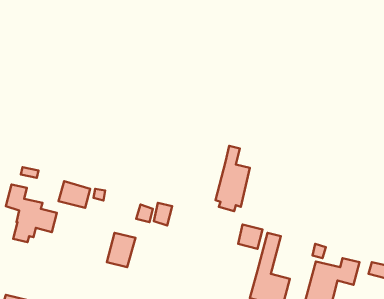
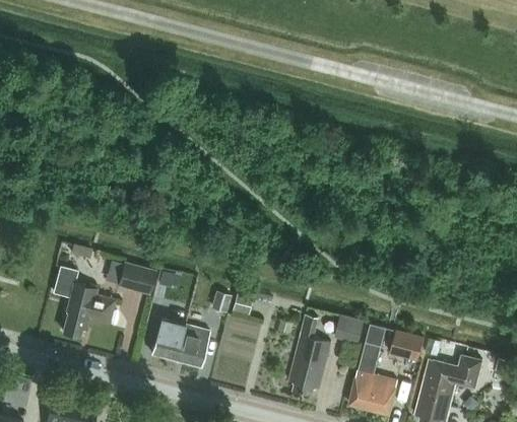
building: [216,146,250,211] -> [288,315,330,395]
building: none -> [150,319,184,360]
building: none -> [389,331,424,361]

